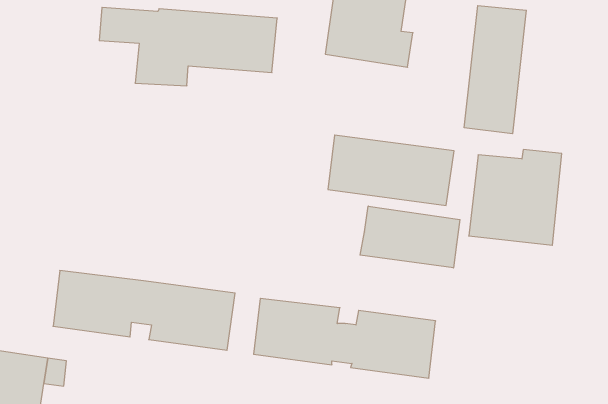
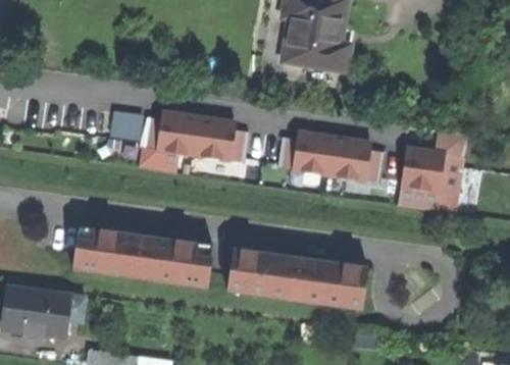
building: [464,6,526,134] -> none
building: [99,7,277,86] -> [110,109,247,169]
building: [360,206,460,268] -> none

